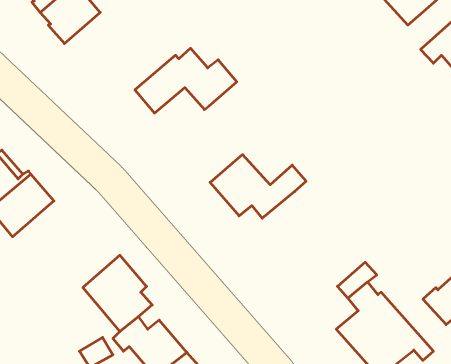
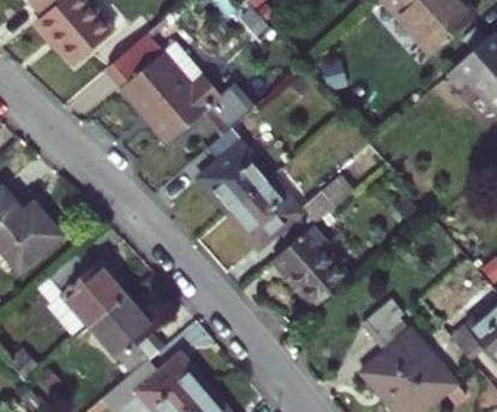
building: none -> [110,43,193,118]
building: none -> [200,135,263,214]
building: none -> [275,223,351,305]
building: none -> [56,247,136,329]

